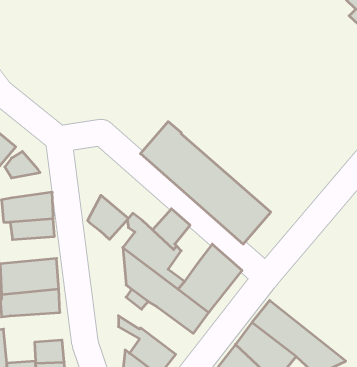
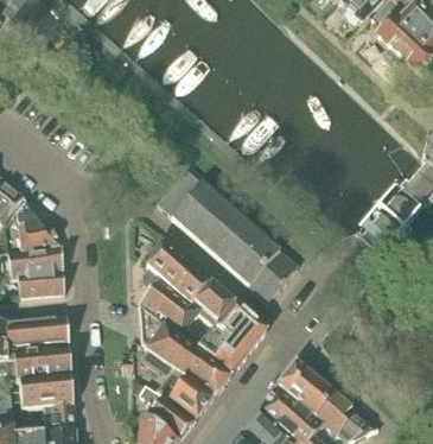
building: none -> [18,223,63,250]
building: [88,195,128,239] -> [147,237,191,285]
building: none -> [195,280,235,321]
building: none -> [158,368,215,419]
building: none -> [18,374,74,408]

